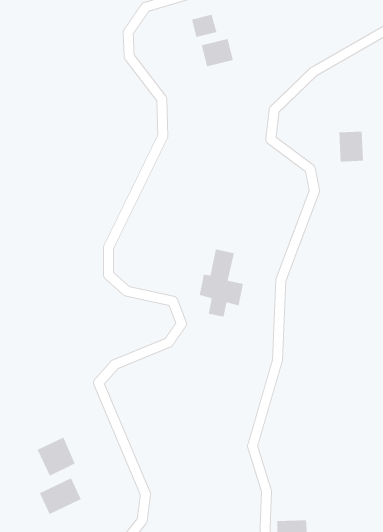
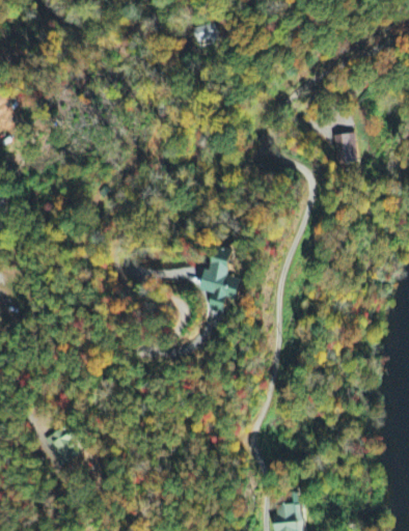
building: [201,38,234,67] -> none
building: [39,477,82,515] -> none

